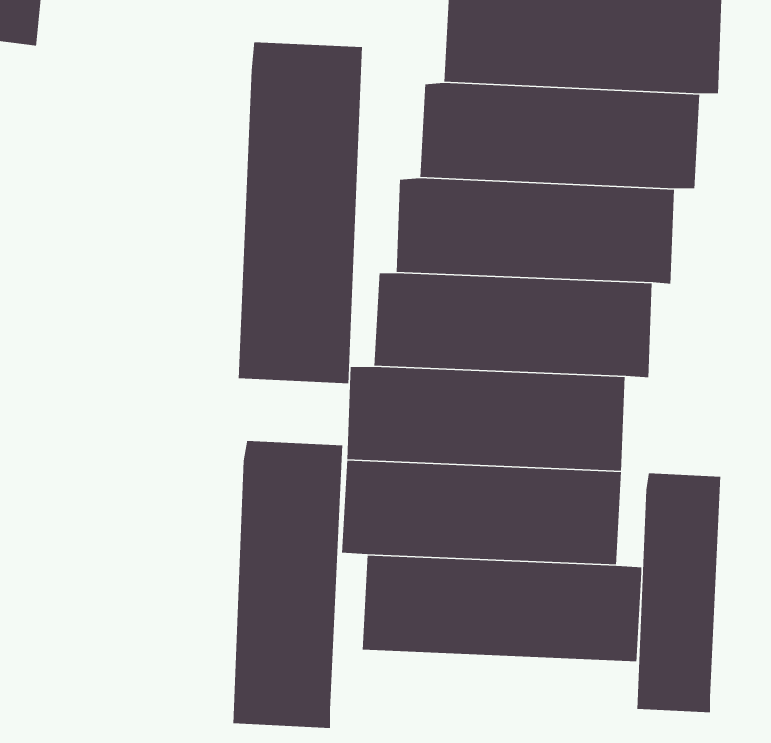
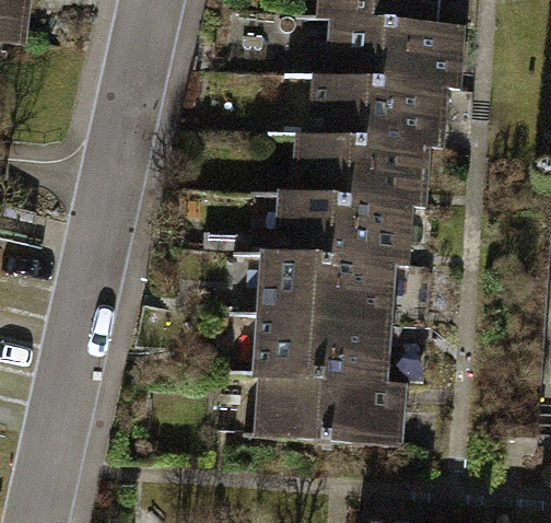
building: [238,41,363,384] -> none
building: [233,440,343,729] -> none
building: [637,473,721,713] -> none

